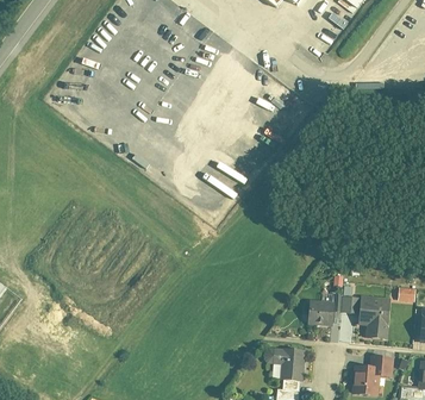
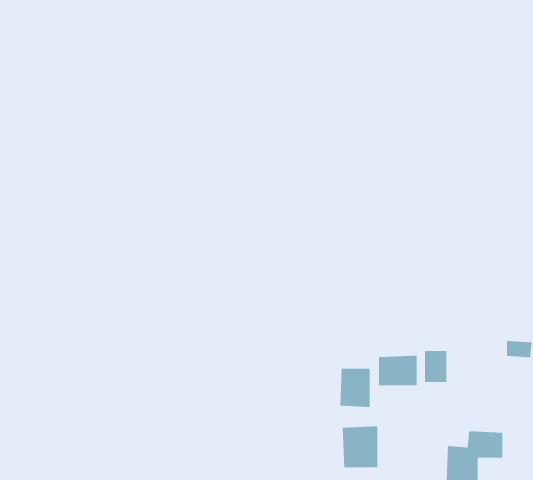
building: [358,295,388,325] -> none
building: none -> [339,368,370,408]

